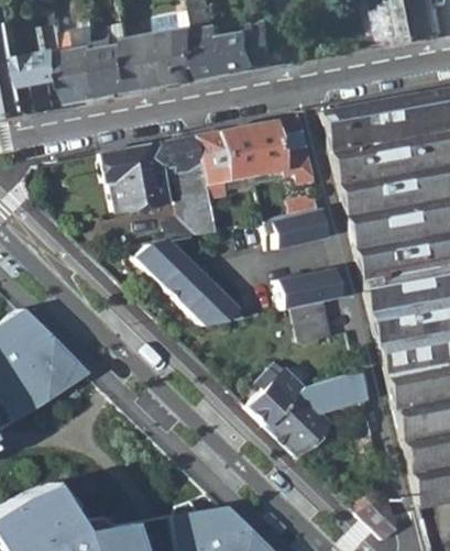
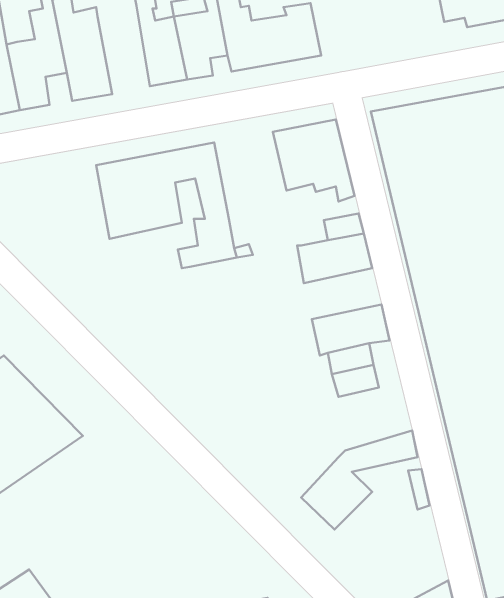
building: [101,23,144,96] -> none
building: [197,126,256,198] -> none
building: [124,239,248,327] -> none
building: [248,370,299,427] -> none

